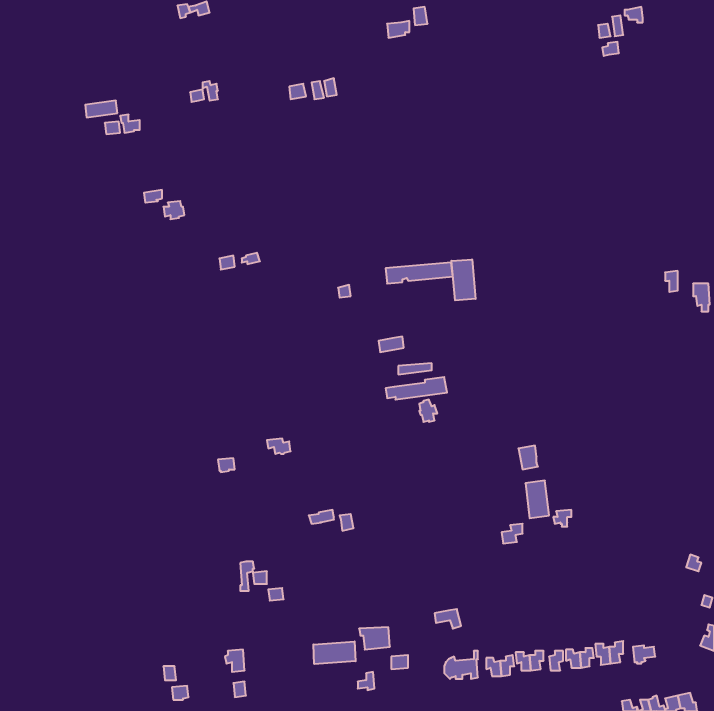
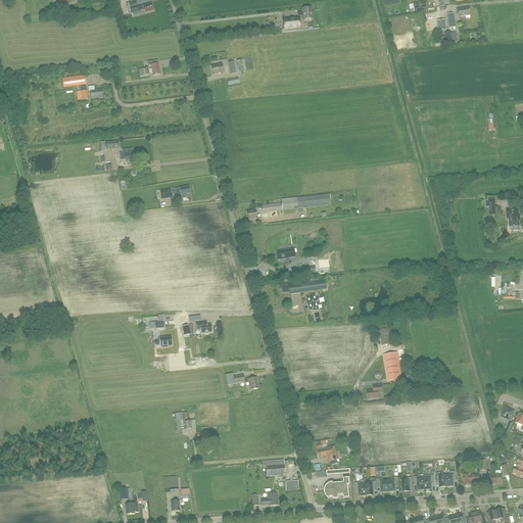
building: [451,259,476,300] -> none
building: [313,641,356,664] -> none

